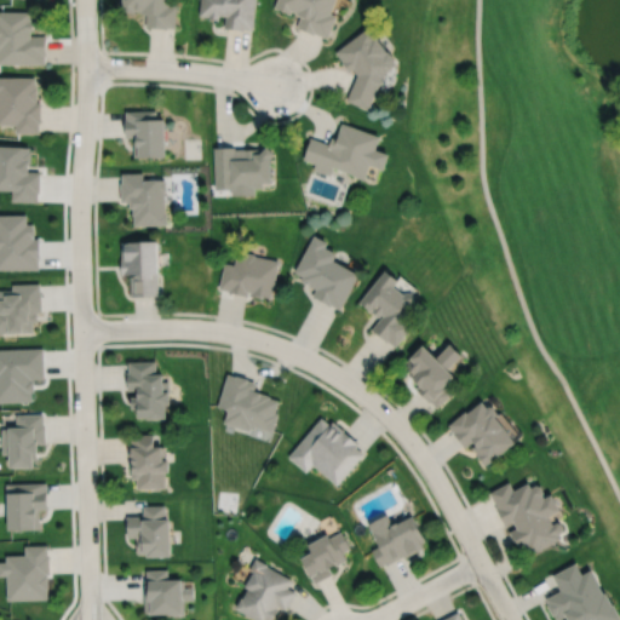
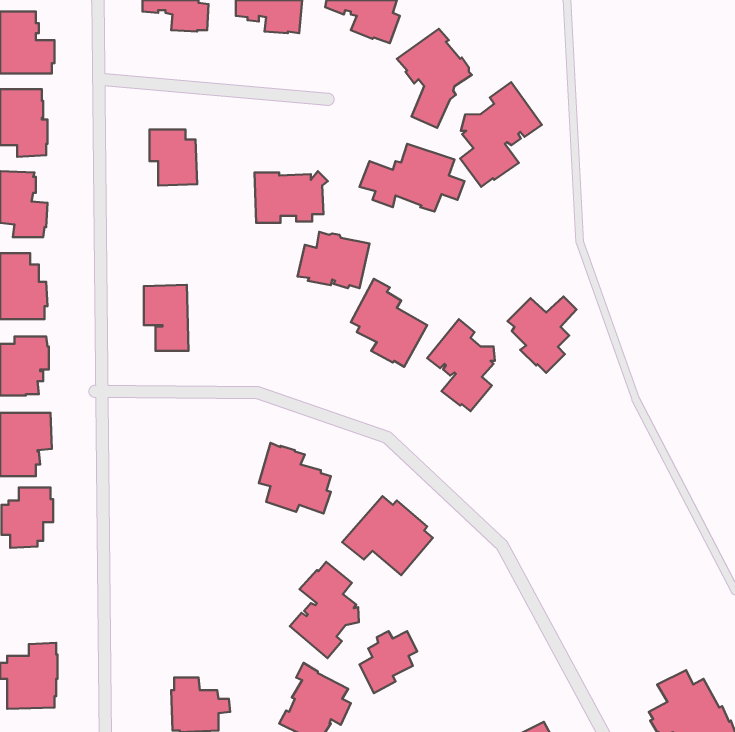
building: none -> [460,82,542,187]
building: [120,174,167,226] -> none
building: [219,253,280,300] -> [298,232,370,288]
building: [406,346,464,411] -> [507,297,576,373]
building: [127,363,170,421] -> none
building: [450,403,518,467] -> none
building: [130,437,170,492] -> none
building: none -> [290,562,359,658]
building: [5,482,46,529] -> none
building: [489,484,564,557] -> none
building: [126,507,171,562] -> none
building: [369,516,427,569] -> none

